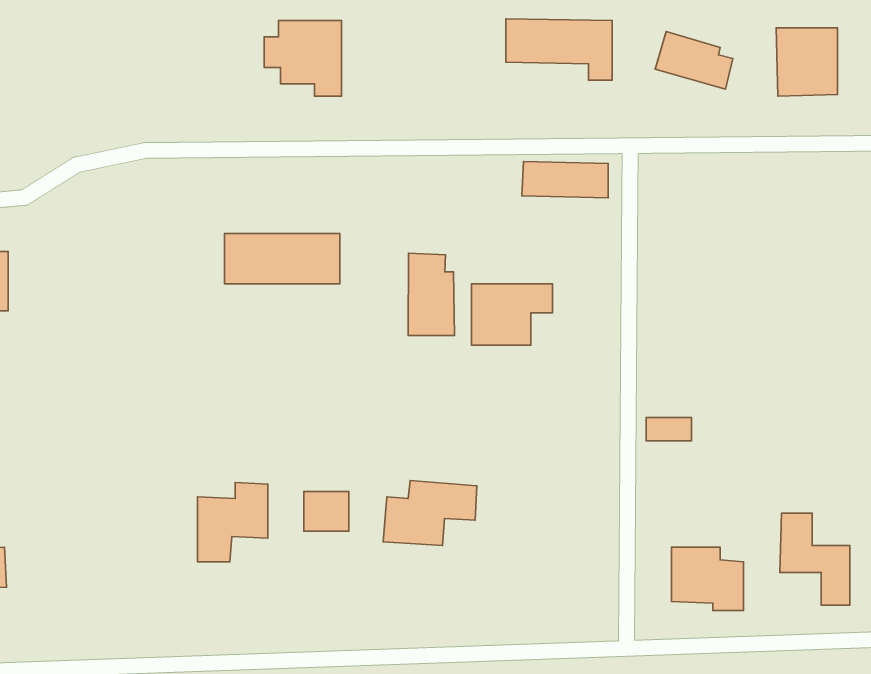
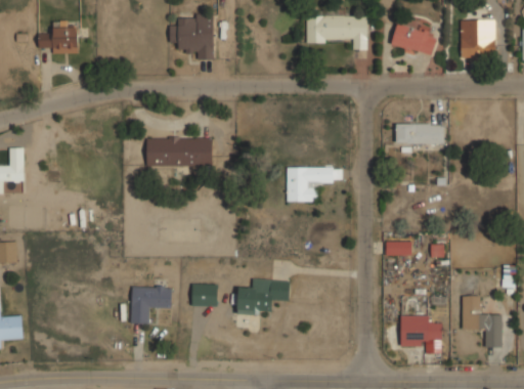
building: none -> [38,20,78,53]
building: [522,162,608,198] -> [395,124,444,144]
building: [408,253,454,336] -> none

